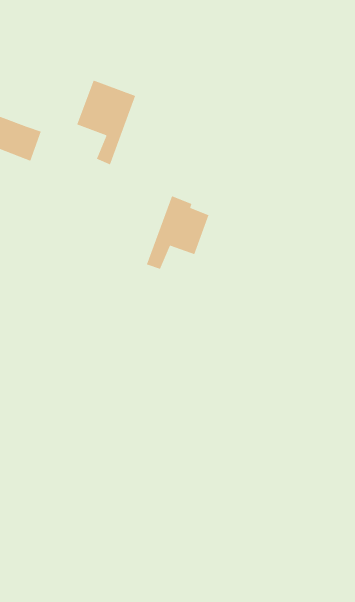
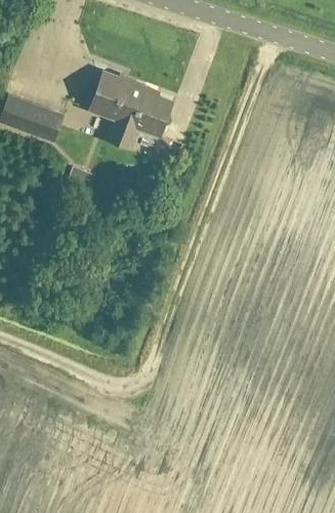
building: [146,195,210,270] -> [119,85,172,148]

